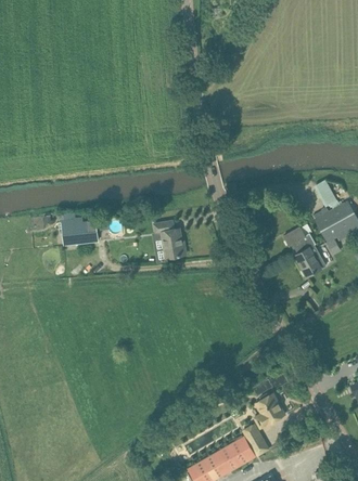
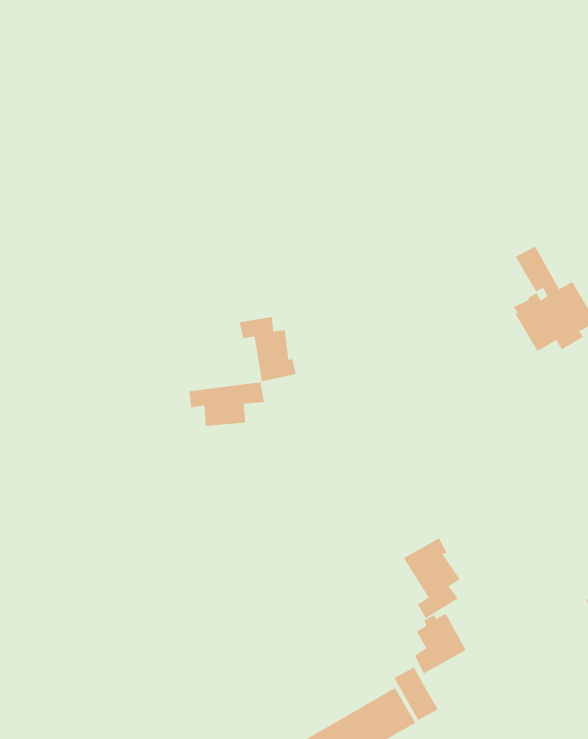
building: [65,219,110,245] -> [188,382,265,426]
building: [283,227,322,277] -> none
building: none -> [403,538,461,619]

